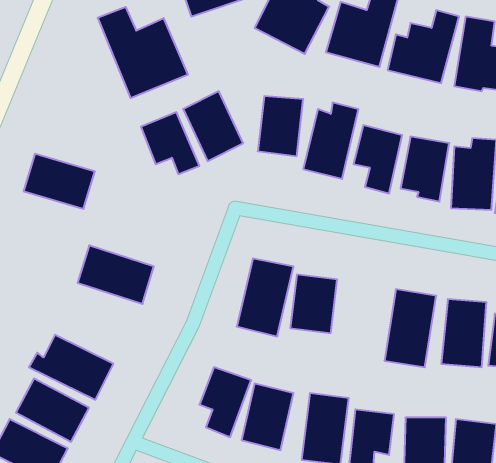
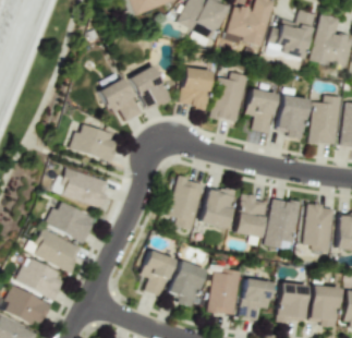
building: [98,7,188,98] -> none
building: [24,154,95,209] -> [72,124,120,161]
building: none -> [234,193,267,238]
building: none -> [46,202,97,243]

